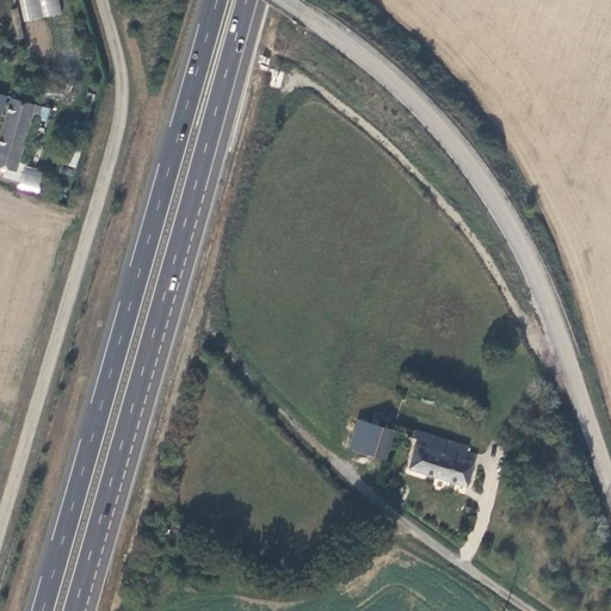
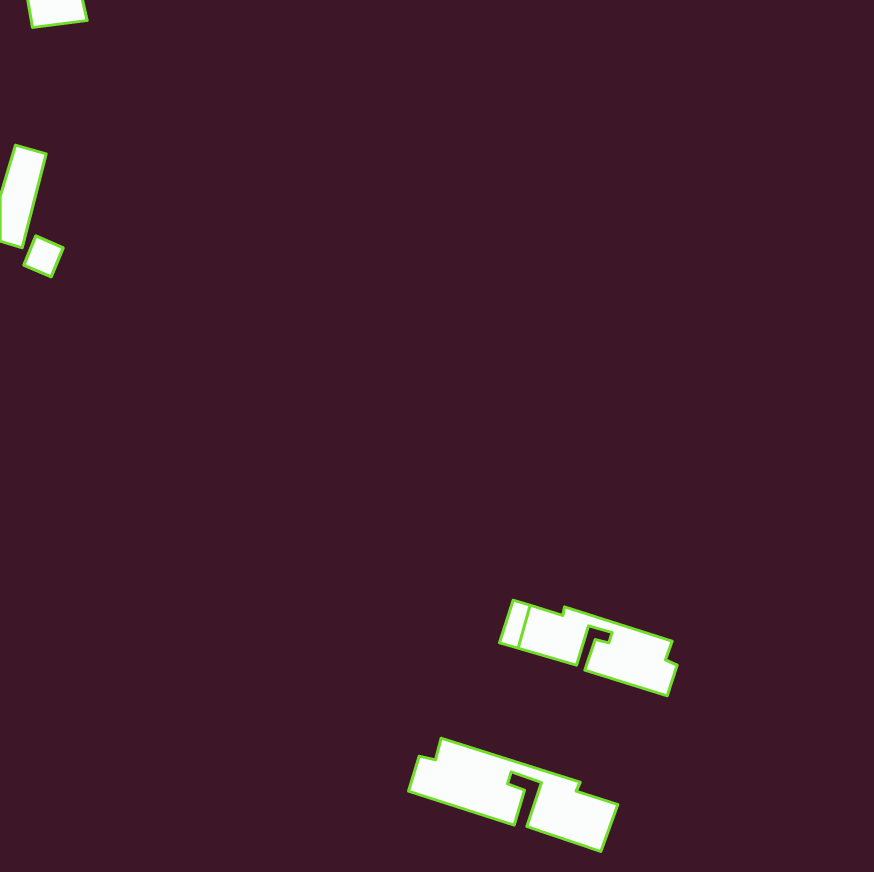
building: none -> [409,738,618,852]

